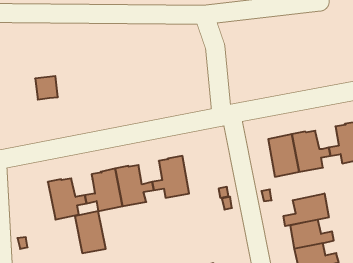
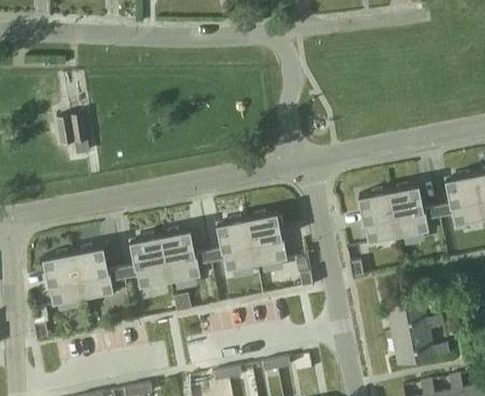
building: none -> [248,212,287,268]
building: [284,193,329,226] -> none
building: [75,211,106,253] -> [43,252,84,307]

